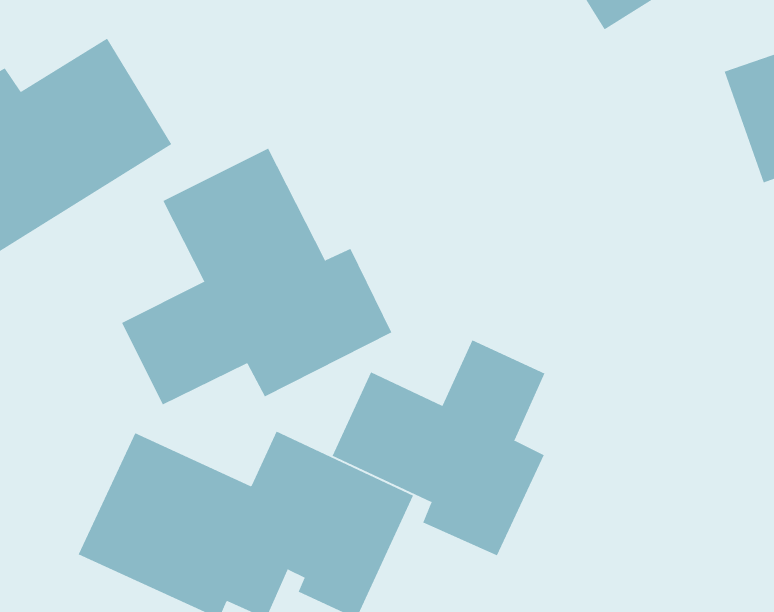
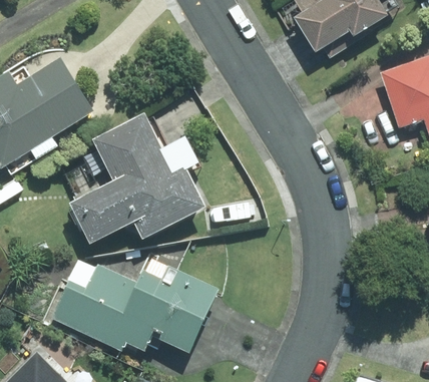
building: [332,339,545,556] -> none

